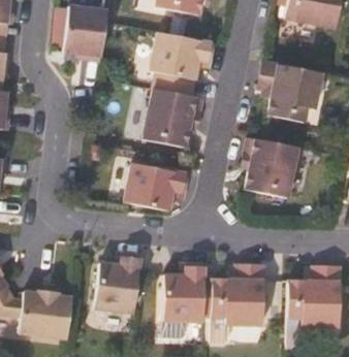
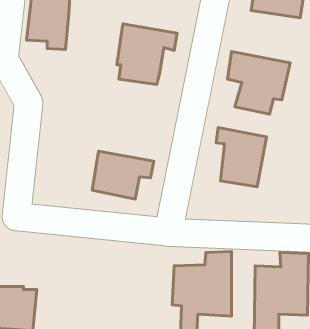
building: [142,88,201,144] -> none
building: [97,258,141,317] -> none
building: [163,261,209,322] -> none

